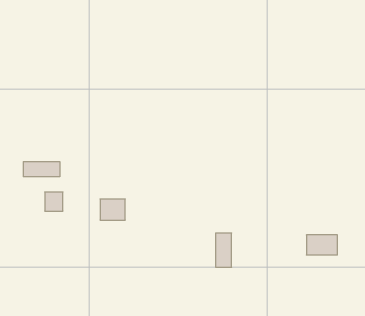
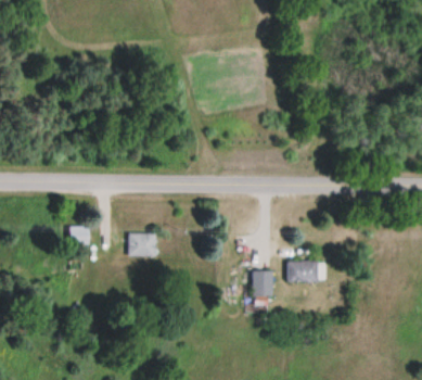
building: [23,162,60,177] -> none
building: [306,235,337,255] -> [287,261,321,282]

